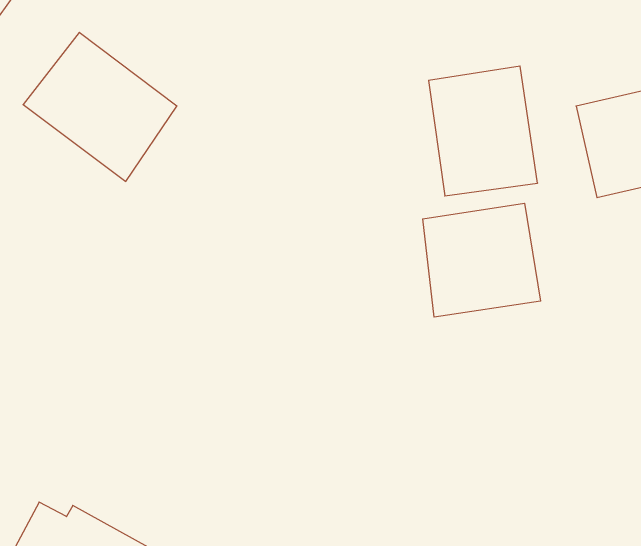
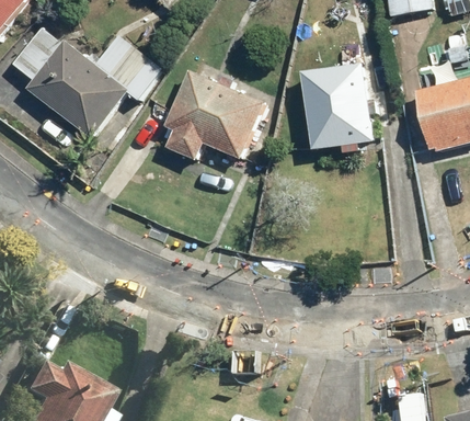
building: none -> [168,68,272,160]
building: [423,203,541,317] -> none

